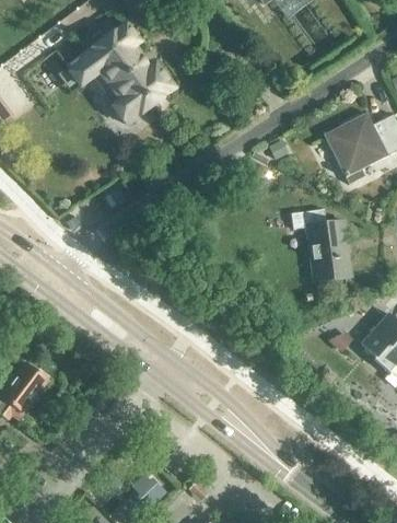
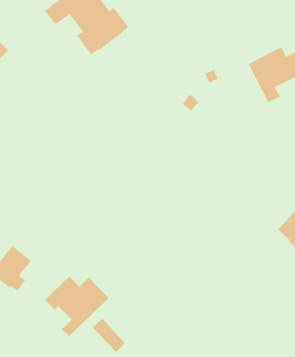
building: [290,208,351,281] -> none
building: none -> [44,276,109,337]

